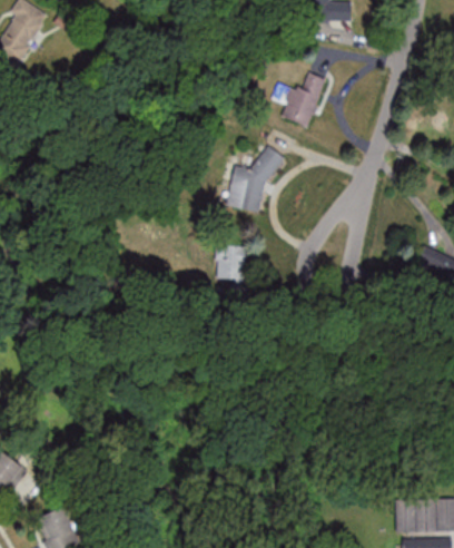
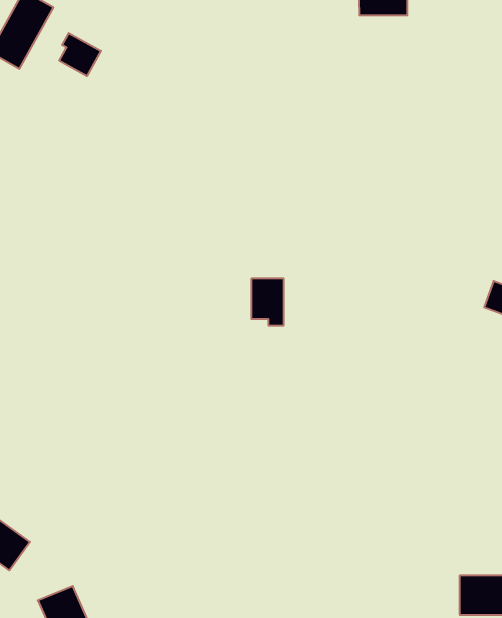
building: none -> [59,33,101,76]
building: [274,72,326,126] -> none
building: [226,147,276,213] -> none

